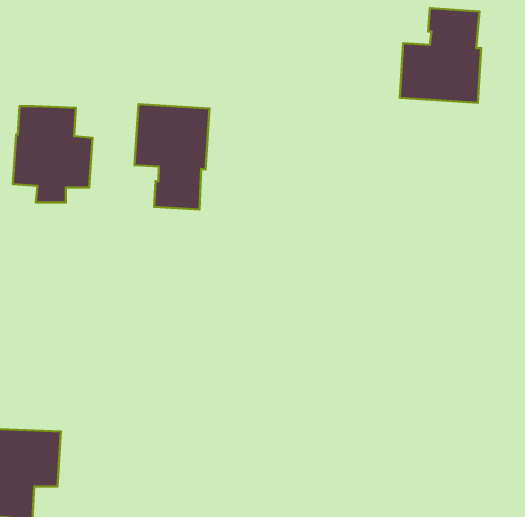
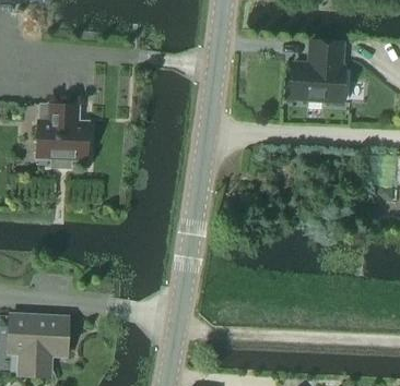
building: [135,104,210,210] -> none

